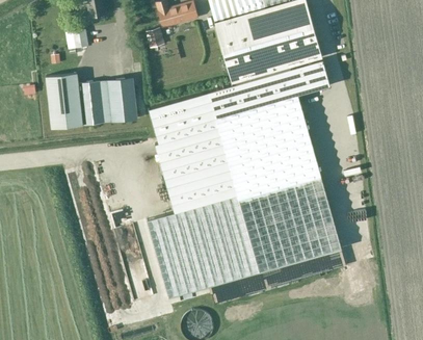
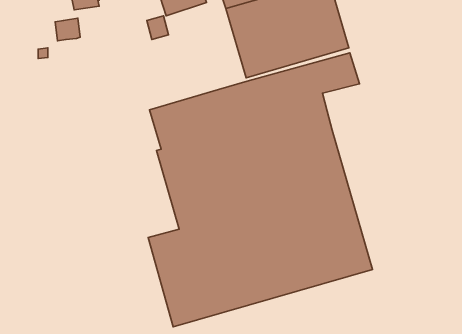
building: [46,74,137,129] -> none

